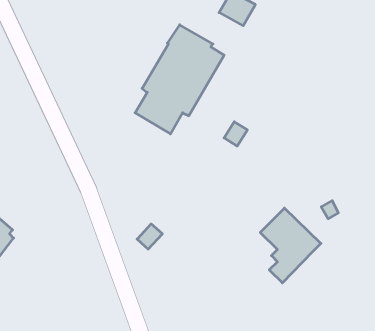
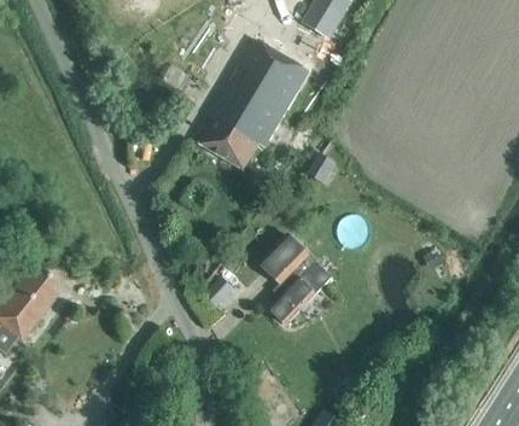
building: [260,208,321,283] -> [260,234,332,323]

